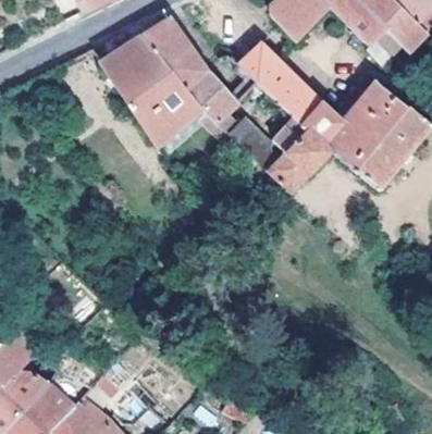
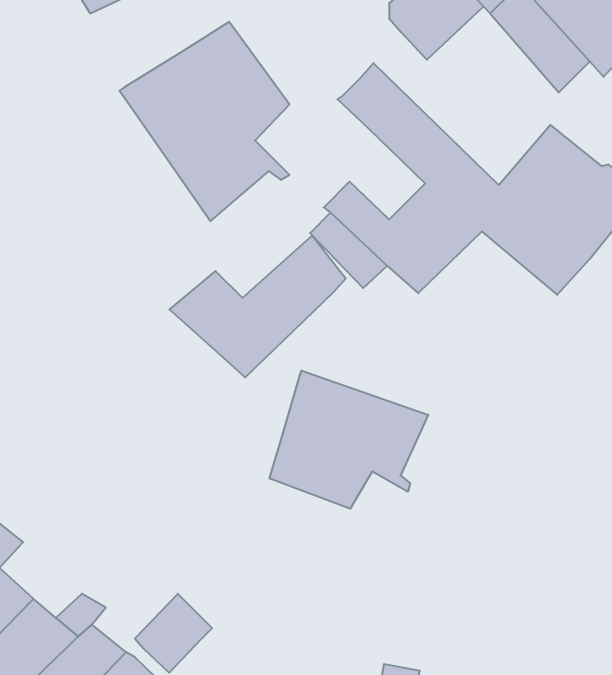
building: [186,70,242,124] -> none
building: none -> [169,235,346,378]
building: none -> [270,370,428,509]

